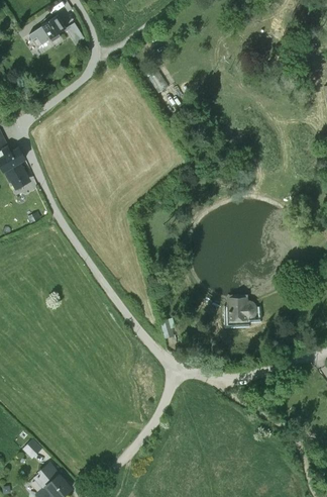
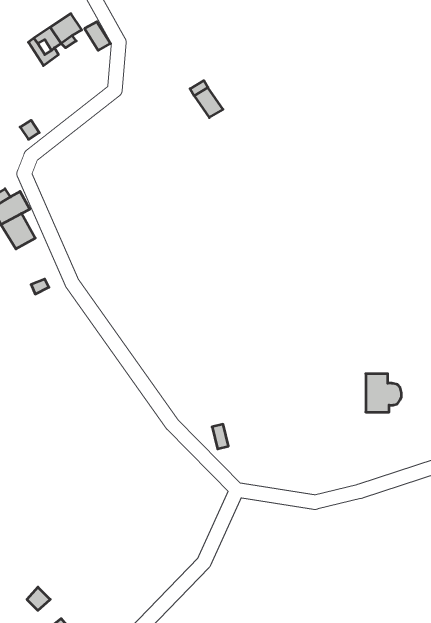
building: [229,296,255,324] -> [366,374,401,412]

